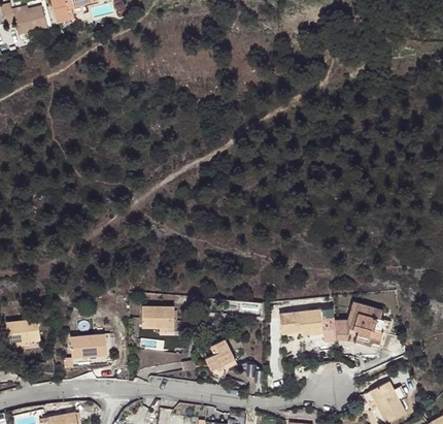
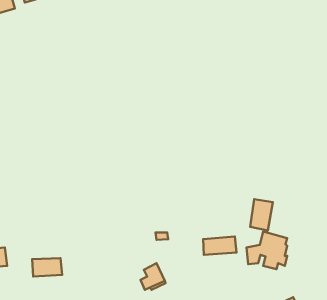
building: none -> [250,199,273,231]
building: [140,307,173,330] -> none

